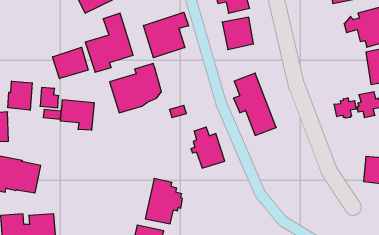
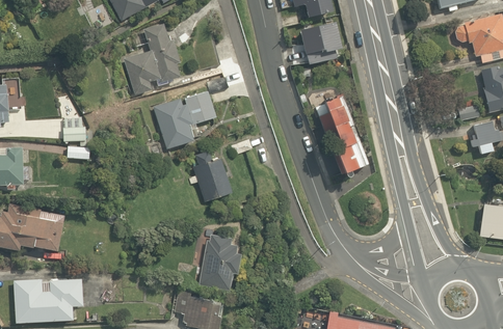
building: [143,12,189,58] -> none
building: [53,47,88,79] -> none
building: [8,81,32,110] -> none
building: [334,98,356,118] -> none
building: [61,100,94,130] -> none
building: [191,127,225,168] -> [189,149,233,202]

